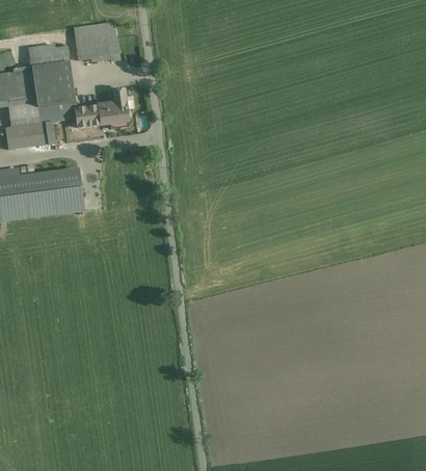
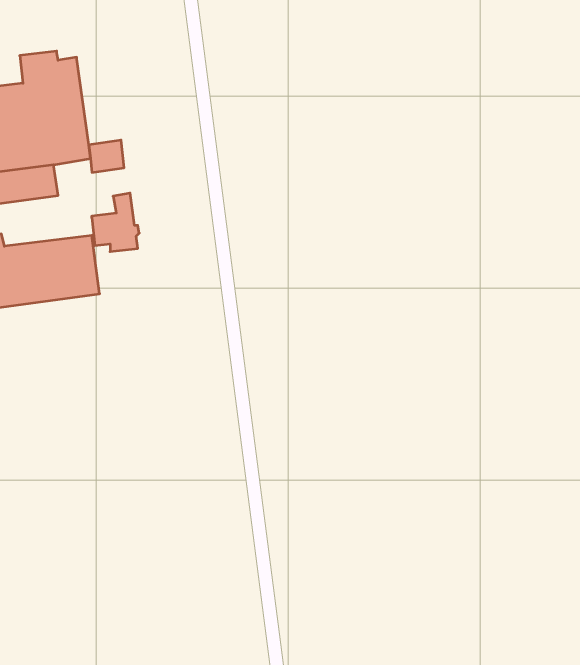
building: [73,22,118,60] -> none
building: [97,88,129,128] -> [92,193,139,252]

